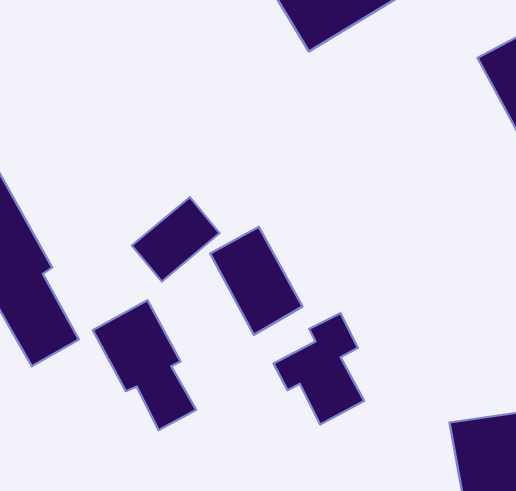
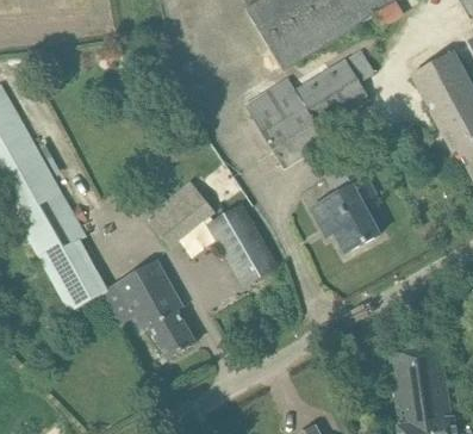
building: none -> [247,49,373,165]
building: [273,313,364,424] -> [310,166,379,250]

